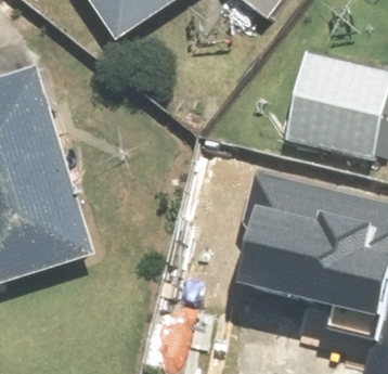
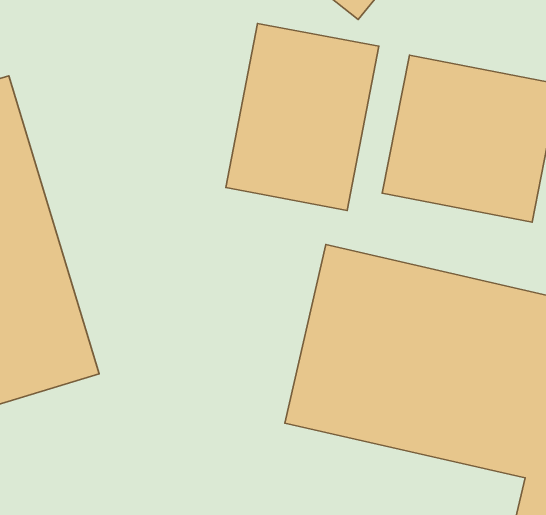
building: none -> [226,23,379,210]

